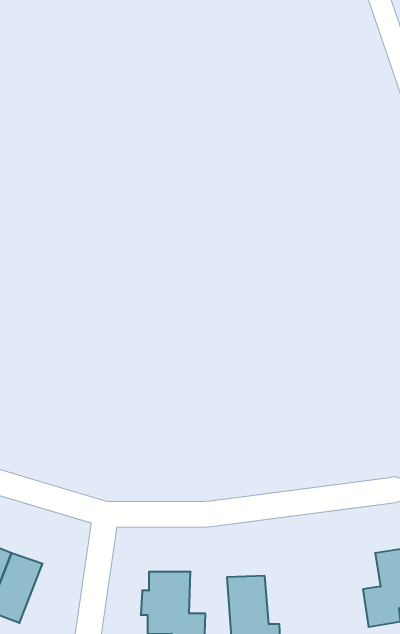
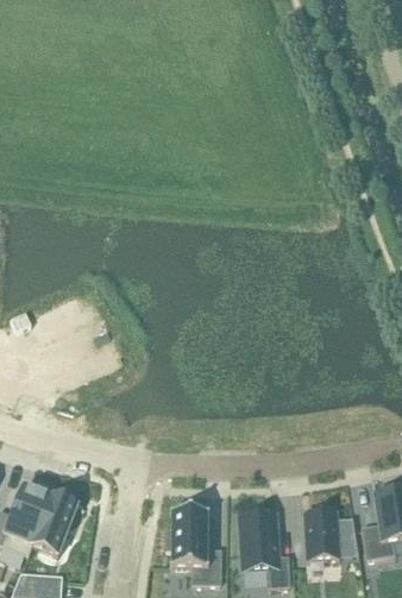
building: none -> [302,504,358,558]

